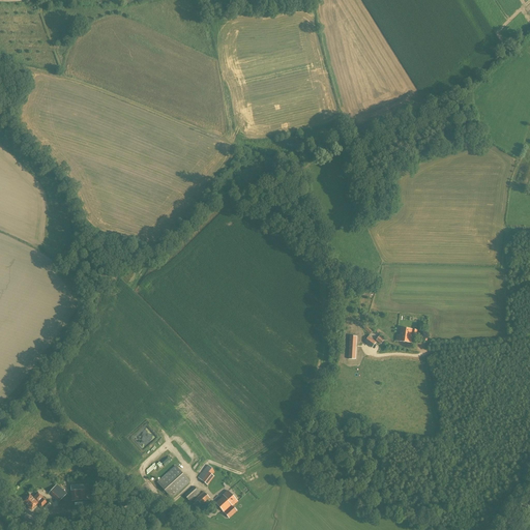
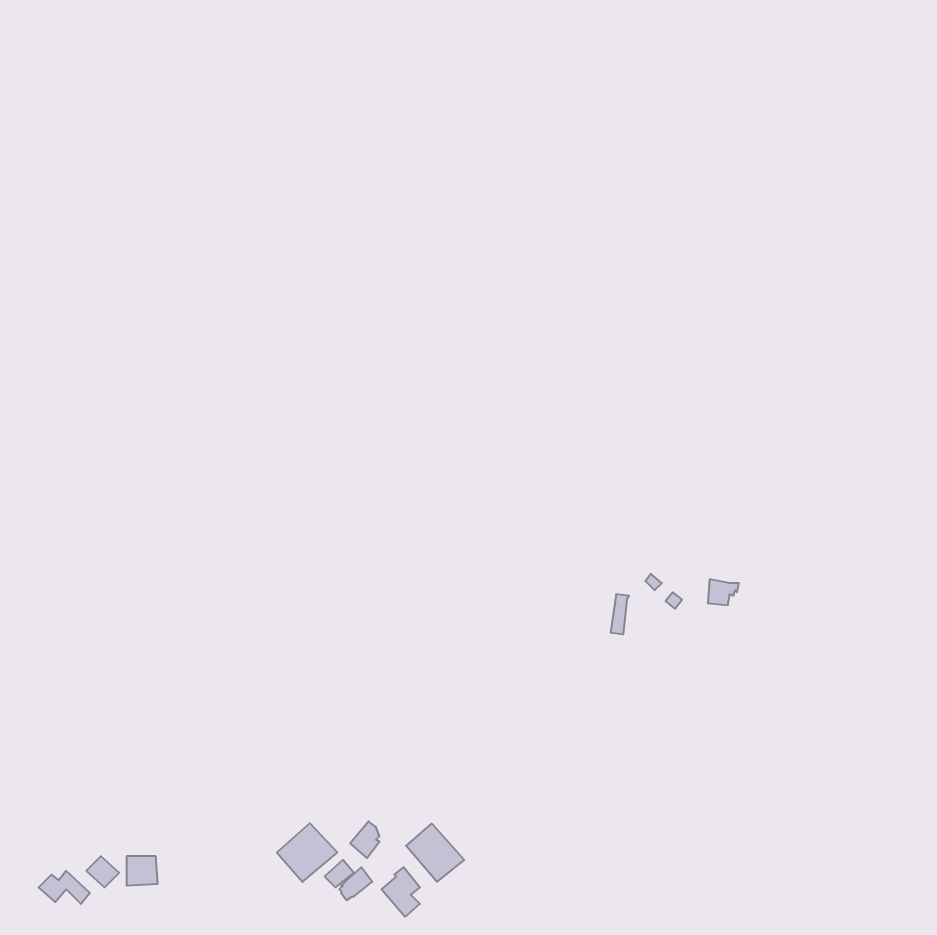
building: none -> [406,824,464,882]

